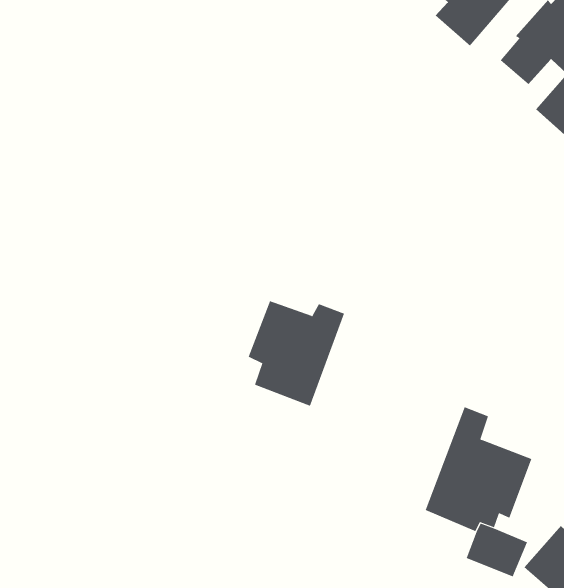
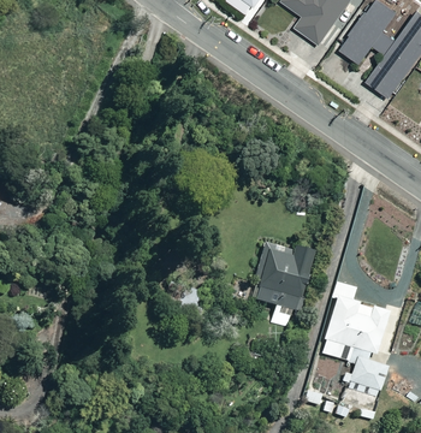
building: [248,301,345,407] -> [249,242,310,310]

